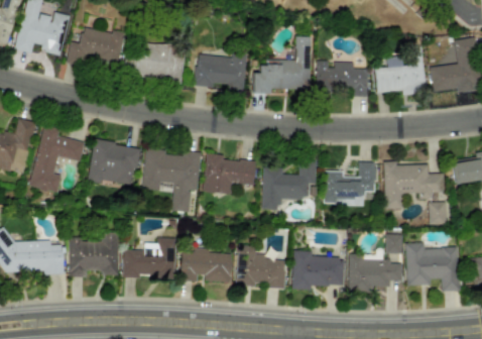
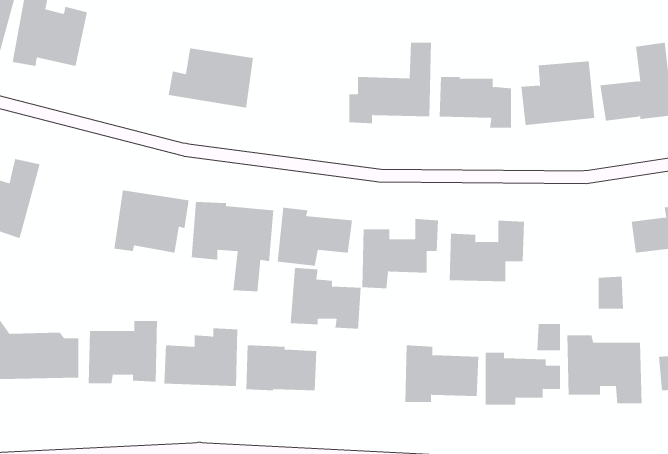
building: [68,26,124,69] -> none
building: [195,52,247,88] -> none
building: [30,124,86,193] -> none
building: [384,160,446,209] -> none
building: [236,245,286,289] -> [290,268,362,329]

